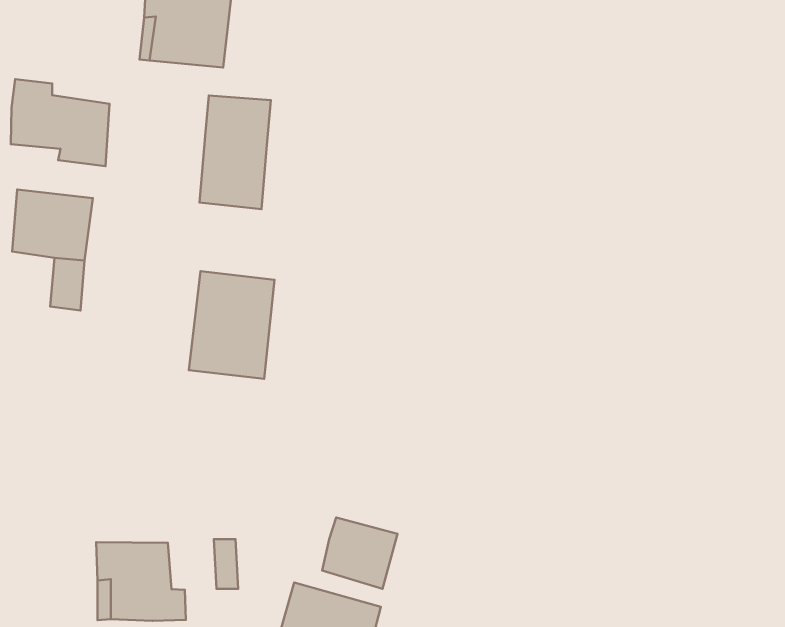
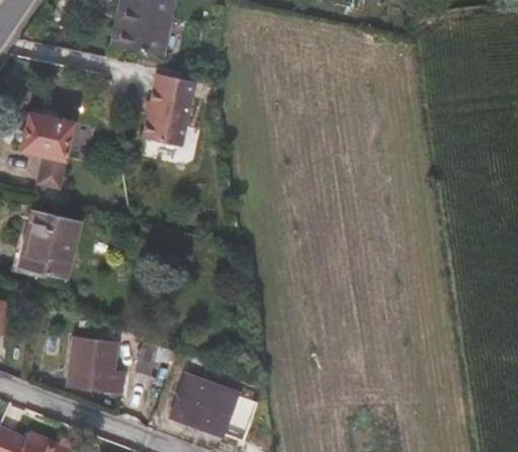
building: [11,79,109,166] -> none
building: [189,271,274,379] -> [25,217,82,286]
building: [322,518,398,589] -> none

